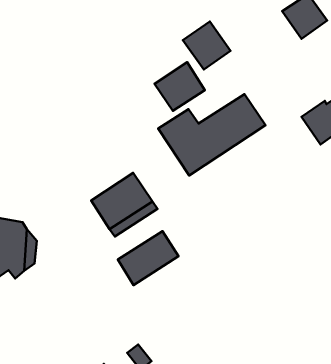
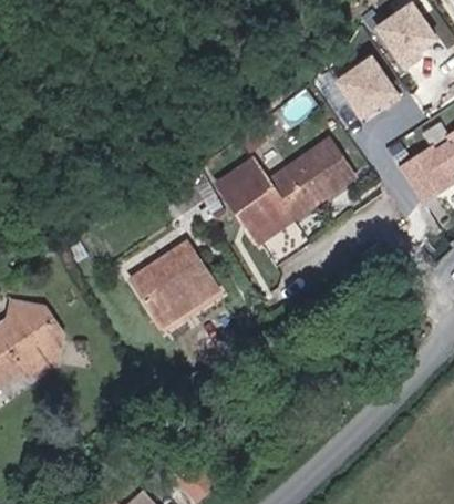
building: [183,22,231,69] -> [339,56,402,120]
building: [154,62,205,111] -> none
building: [118,231,179,285] -> none

